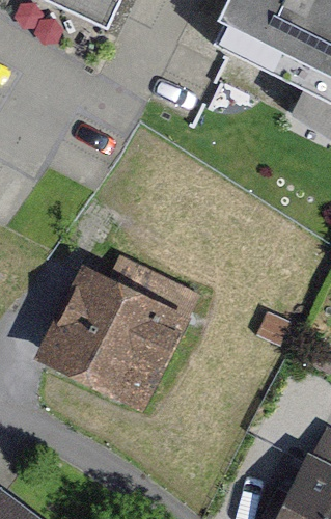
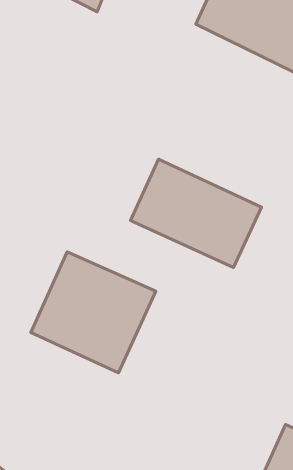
building: none -> [130,159,262,267]

